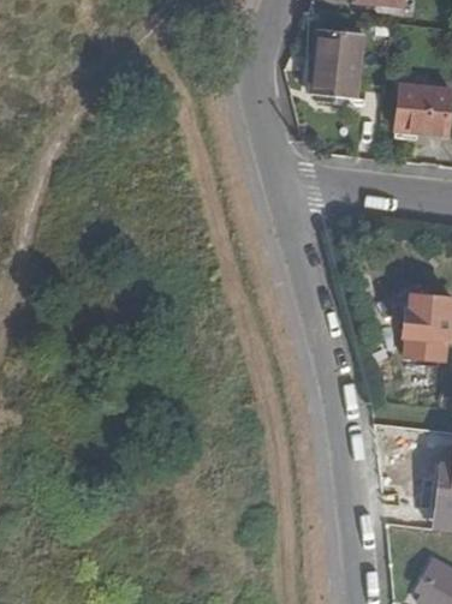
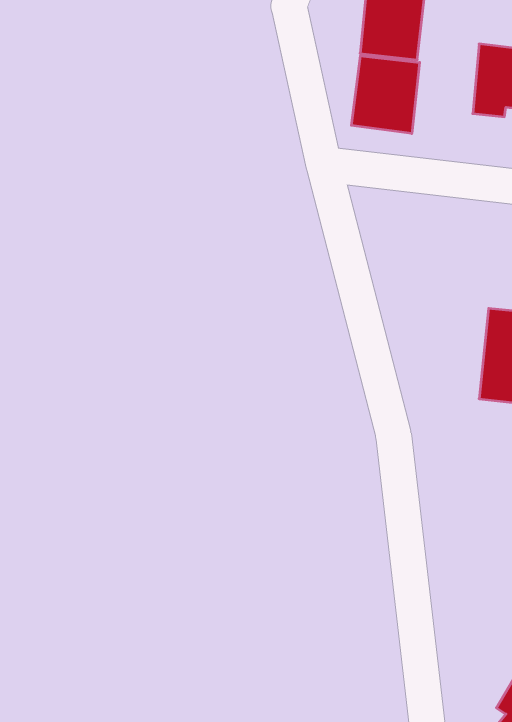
building: none -> [351,56,420,134]

